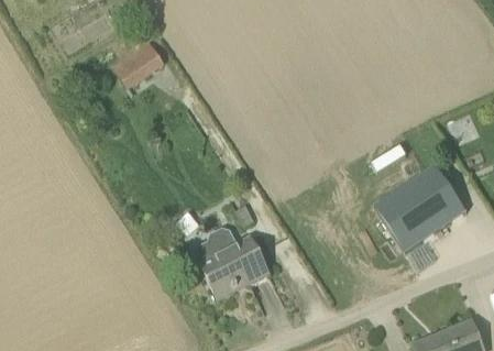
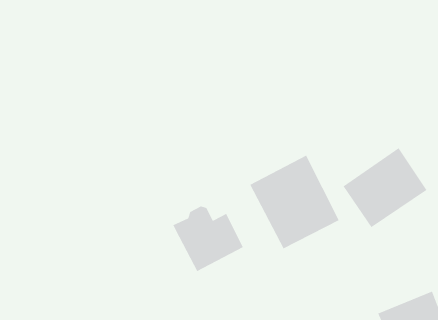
building: [116,44,164,87] -> none
building: none -> [249,154,340,250]

